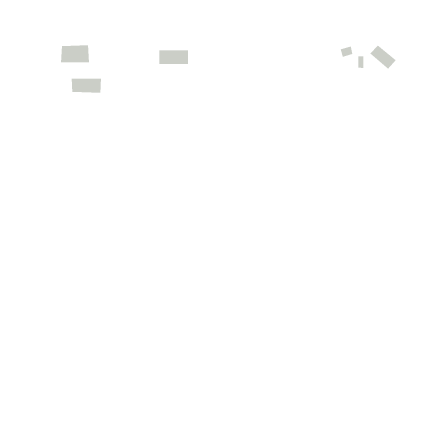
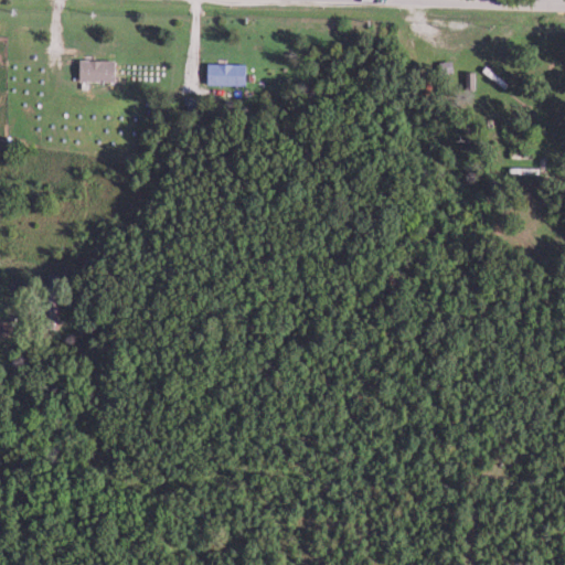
building: [71,78,102,93] -> none

